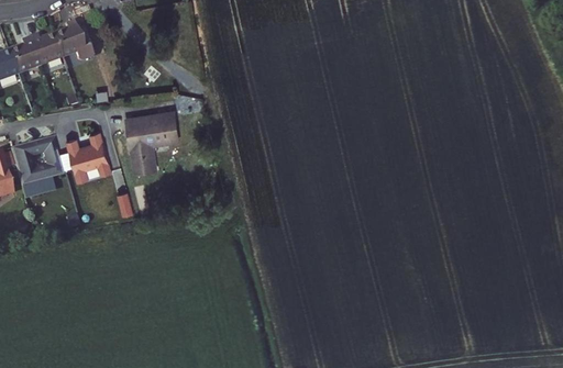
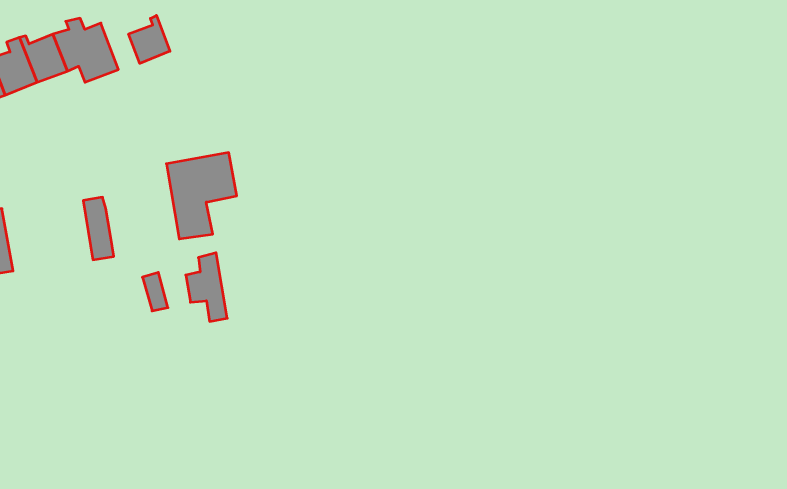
building: none -> [129,15,170,63]
building: [84,134,112,181] -> [186,253,227,321]
building: [15,141,65,187] -> none

